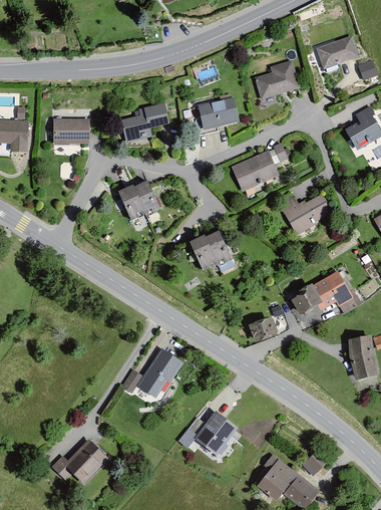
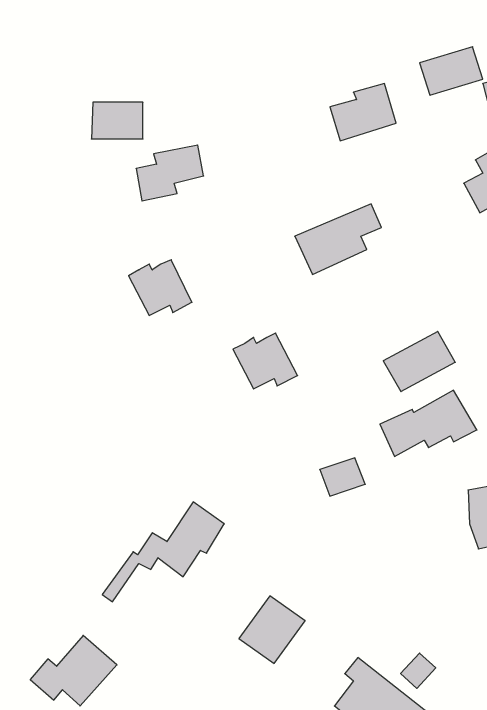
building: [198,97,238,131] -> none
building: [52,118,87,144] -> [91,102,143,139]
building: [286,192,335,233] -> [383,331,455,392]

